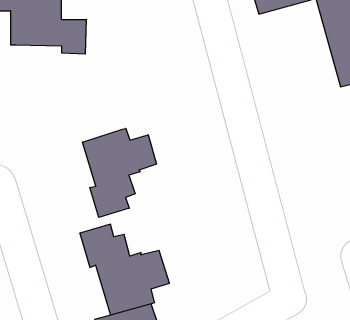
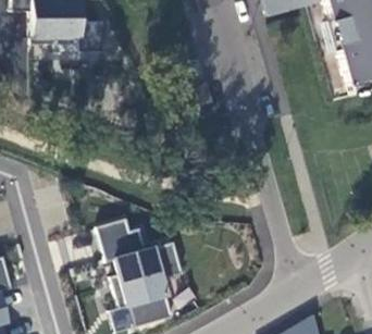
building: [82,128,156,217] -> none

